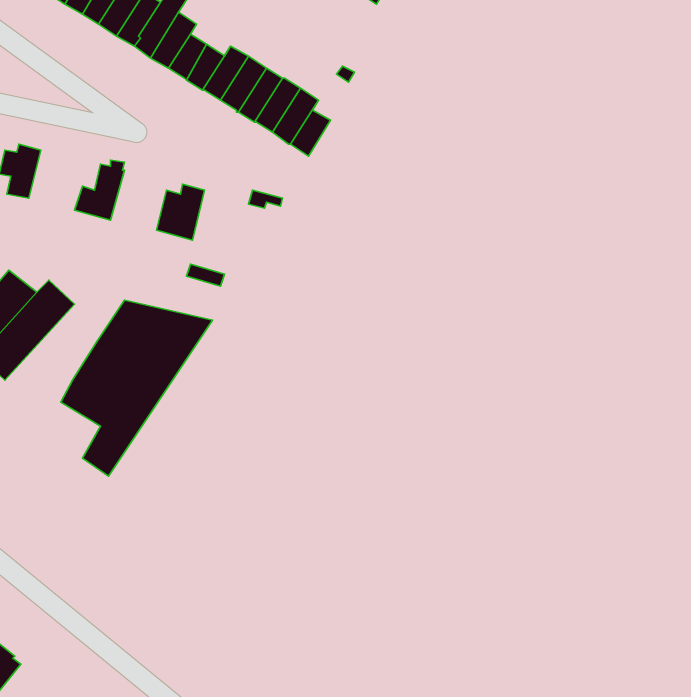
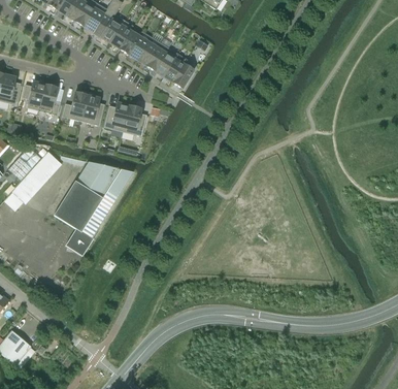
building: none -> [37,84,60,115]
building: none -> [79,92,103,125]
building: none -> [122,105,145,135]

